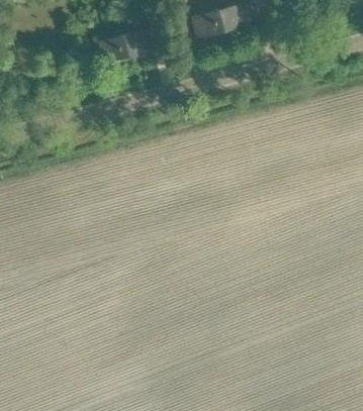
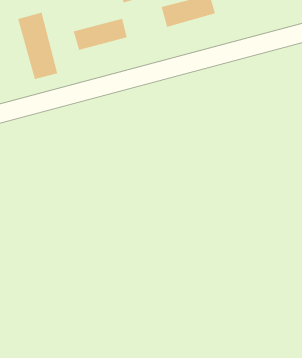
building: none -> [18,12,58,80]

